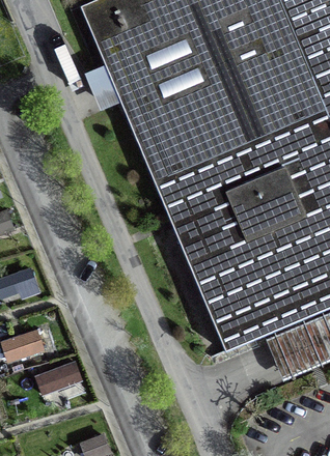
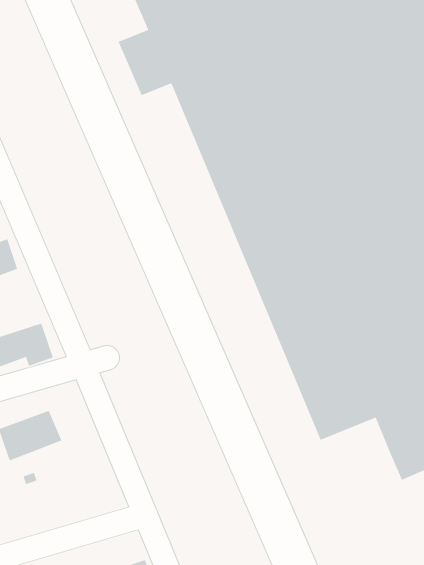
building: [33,361,82,396] -> none

